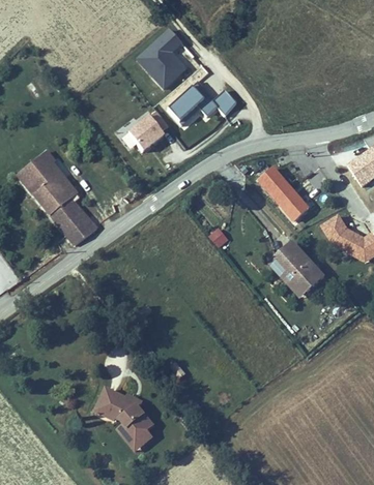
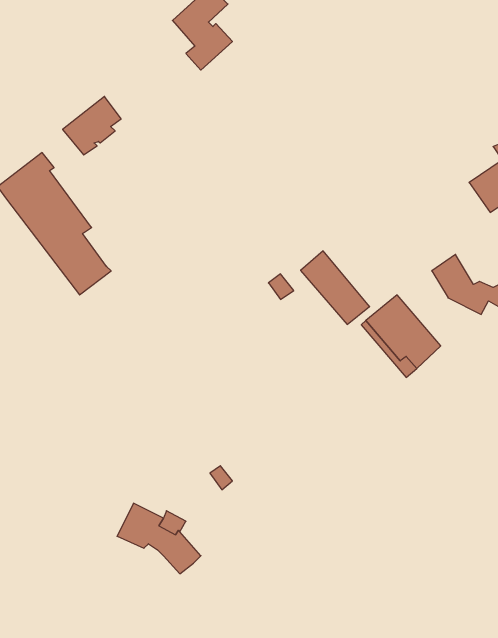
building: [164,84,233,123] -> none
building: [124,112,165,152] -> [63,96,121,155]
building: [265,168,313,218] -> [301,251,370,324]
building: [125,424,161,450] -> none

